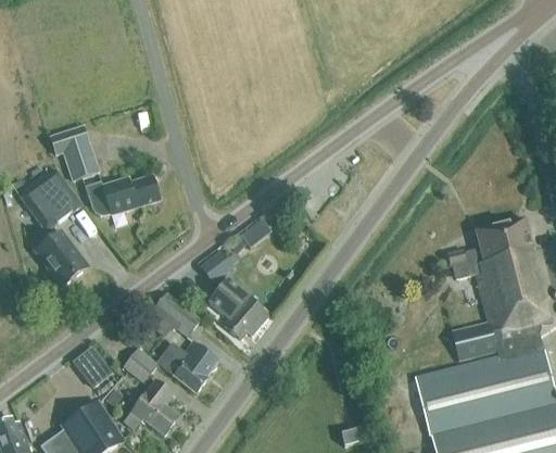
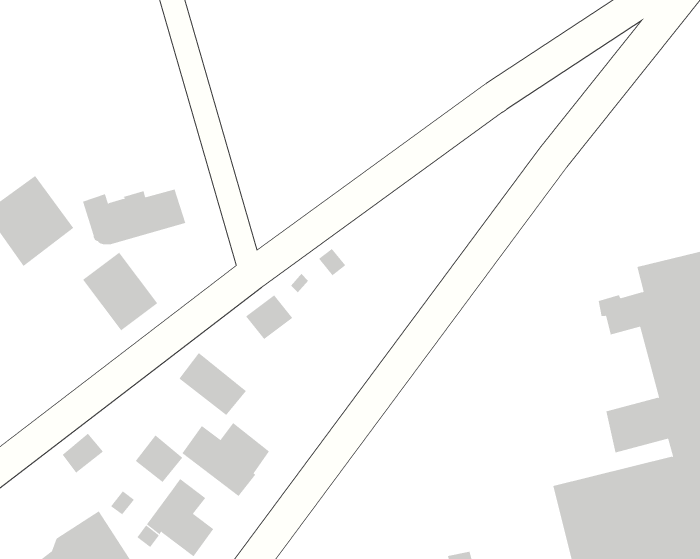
building: [50,125,99,179] -> none
building: [36,230,89,286] -> [82,252,158,331]
building: [208,274,270,339] -> none

